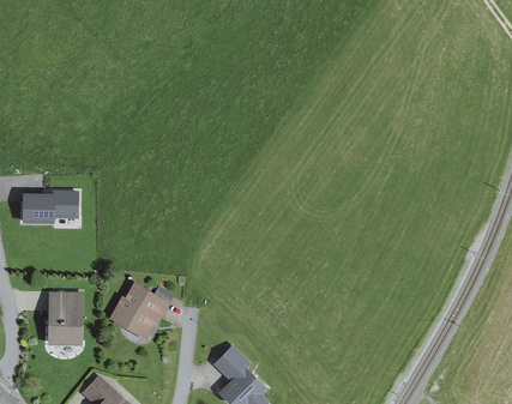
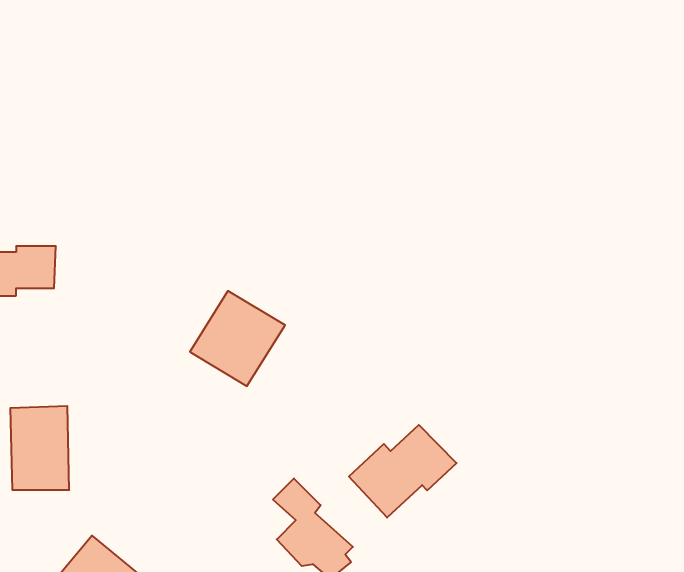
building: [112,282,171,342] -> [190,291,285,386]
building: none -> [349,425,457,518]

